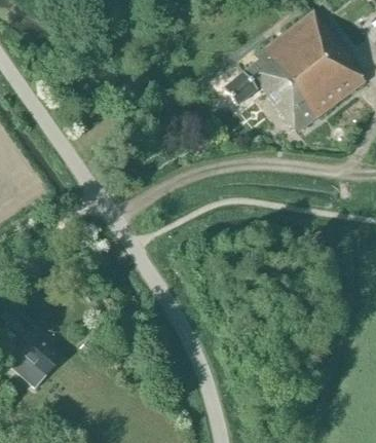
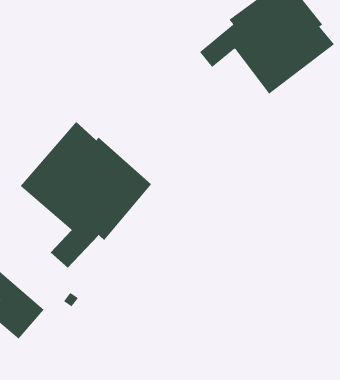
building: none -> [20,121,152,269]

